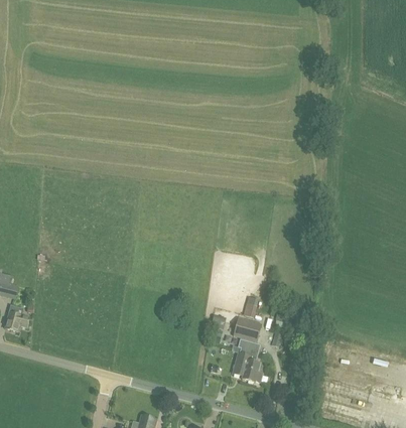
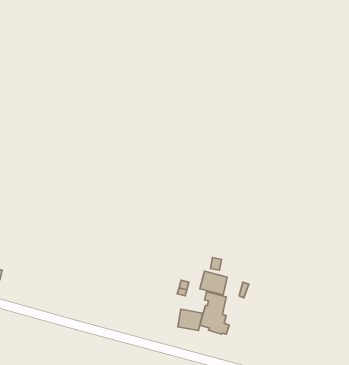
building: none -> [178,309,202,331]

